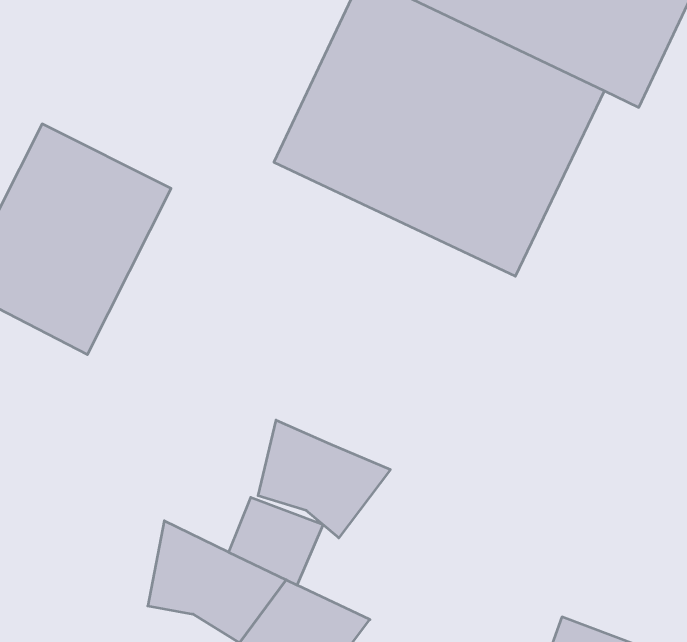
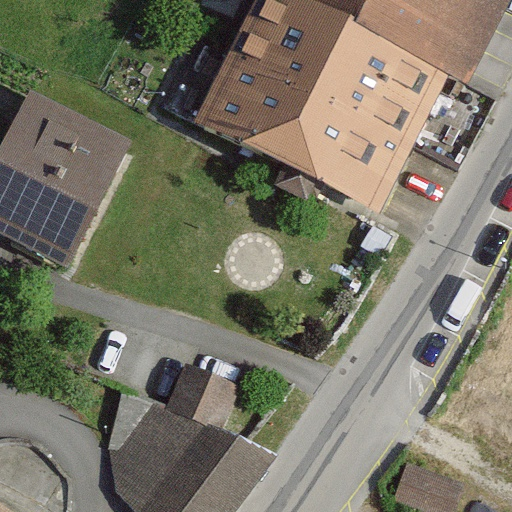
building: [258,420,390,538] -> none

